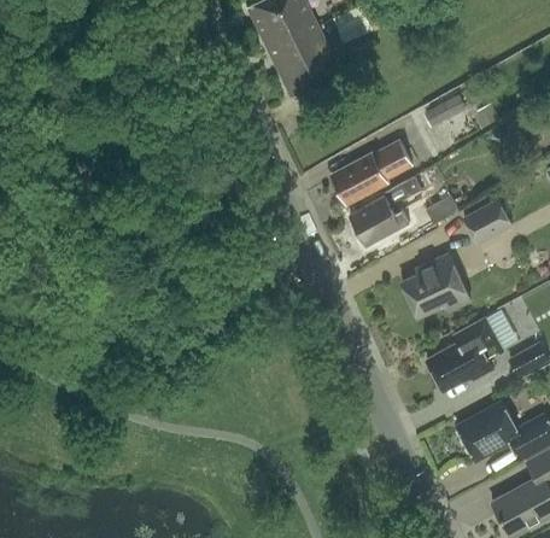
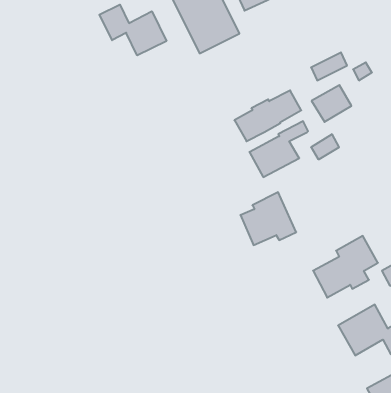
building: none -> [99,5,166,55]
building: [462,199,510,244] -> [312,85,351,122]
building: [402,253,469,317] -> [240,192,296,245]

